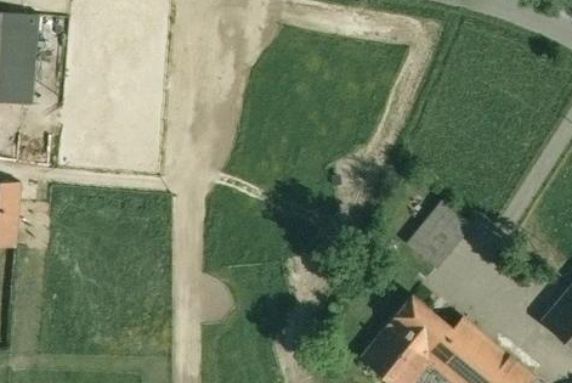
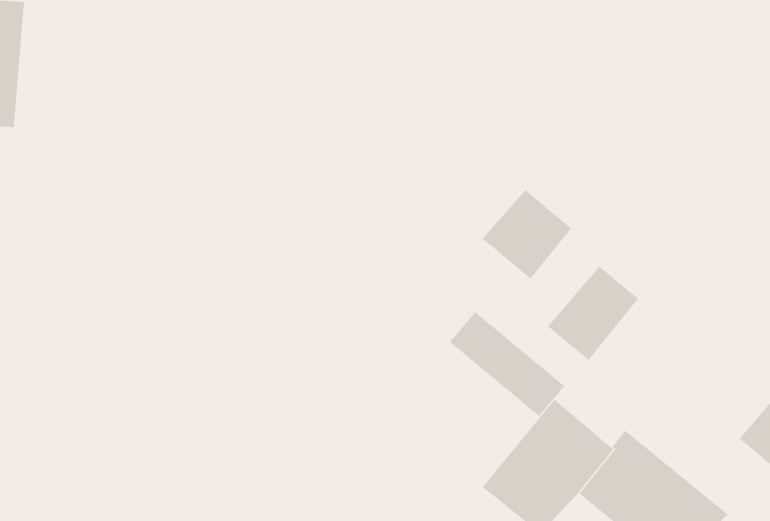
building: none -> [482,189,572,279]
building: none -> [449,311,565,417]

